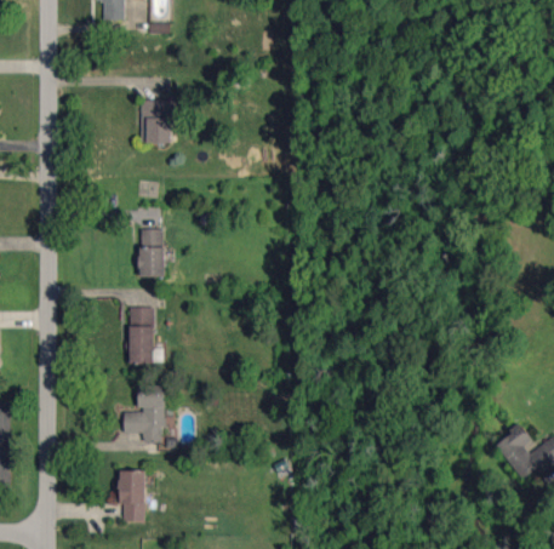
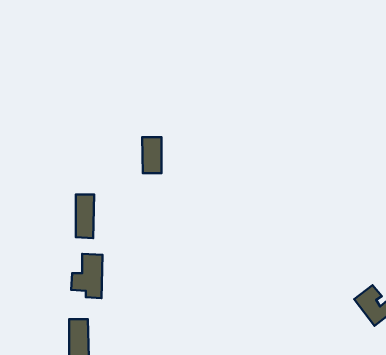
building: [139,101,171,143] -> none
building: [138,230,164,278] -> [142,137,161,173]

